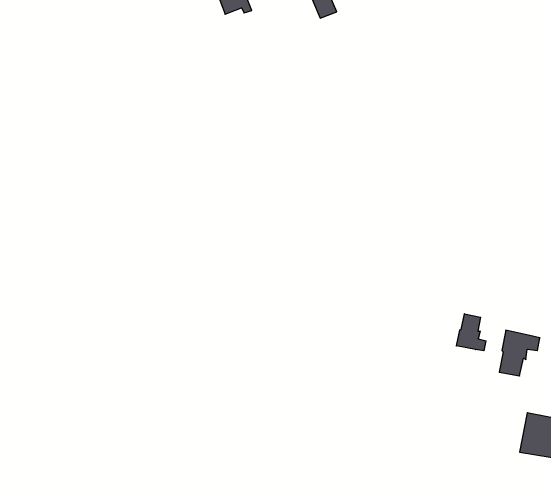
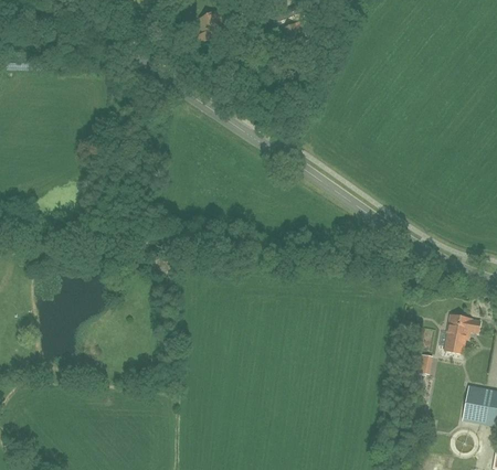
building: [456,314,486,351] -> none

